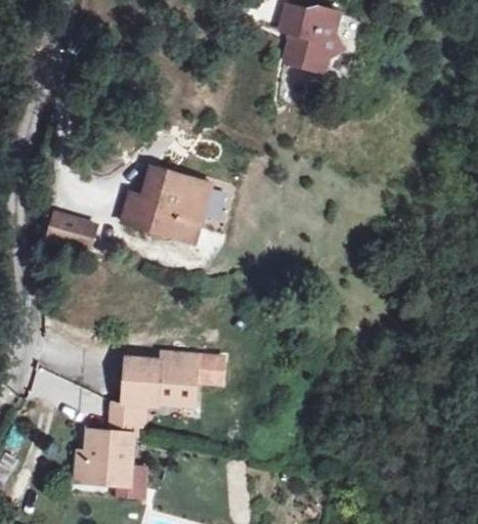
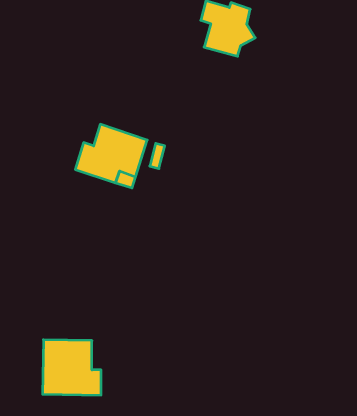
building: [45,205,96,246] -> none
building: [111,349,231,426] -> none

